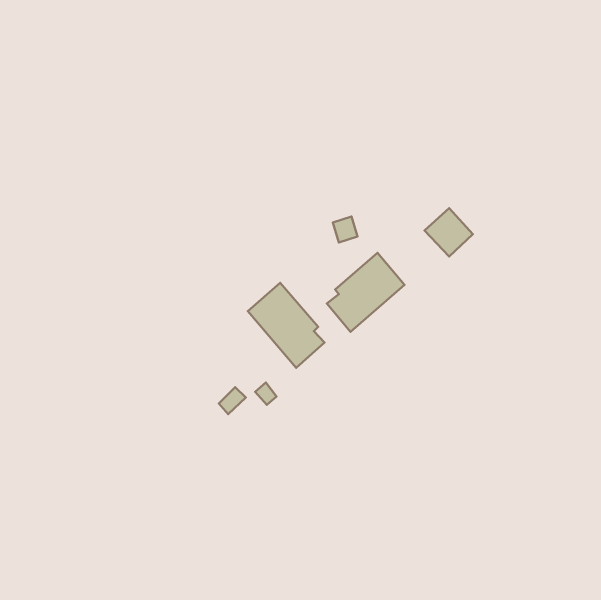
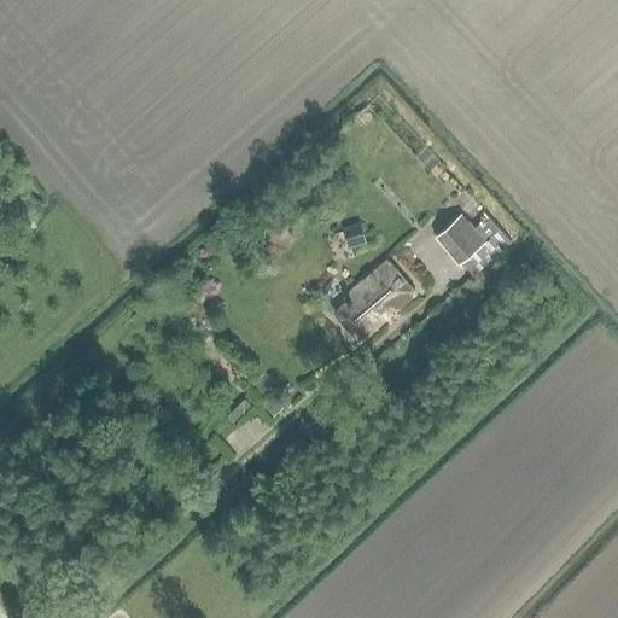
building: [248,283,324,368] -> none

